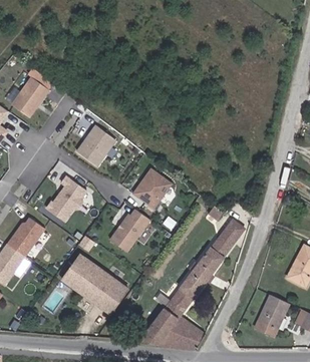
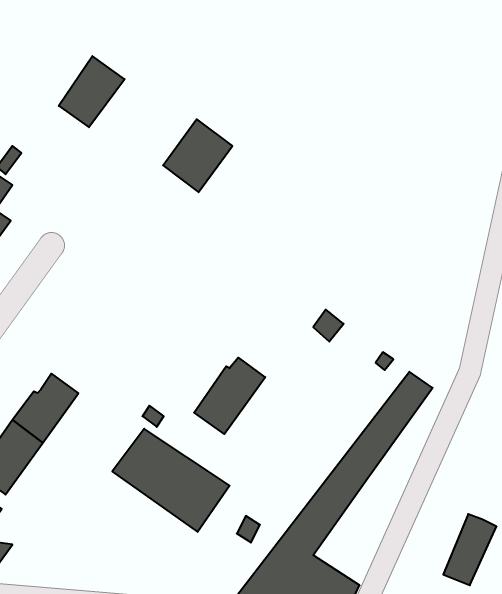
building: [13,76,50,116] -> [59,56,125,127]
building: [77,124,116,165] -> [163,119,232,192]
building: [134,167,173,207] -> none
building: [43,171,87,221] -> none

